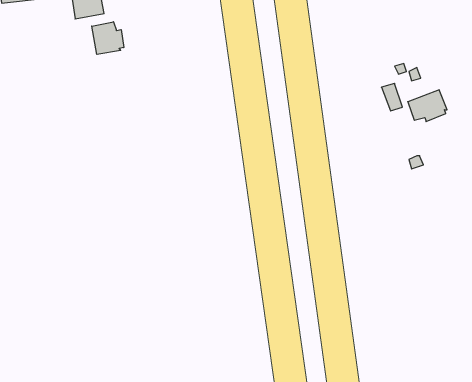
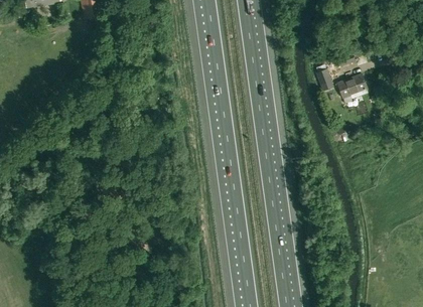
building: [92,22,124,54] -> none

